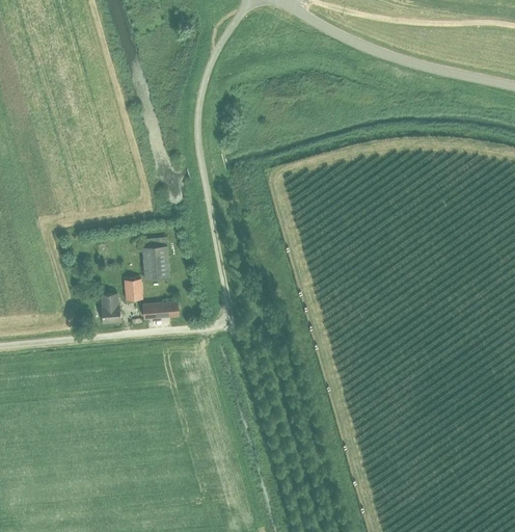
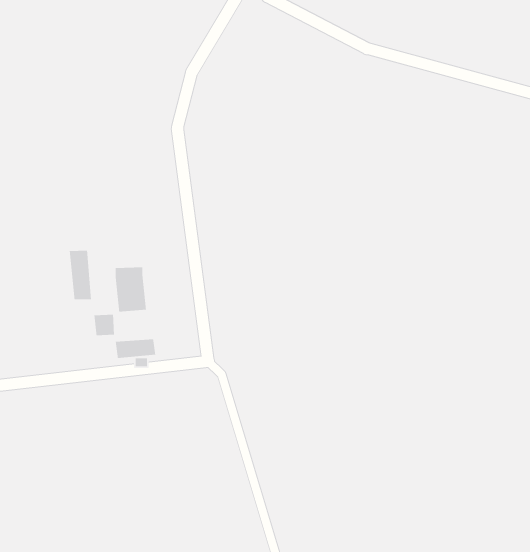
building: none -> [69,250,92,300]
building: [101,294,119,322] -> none

